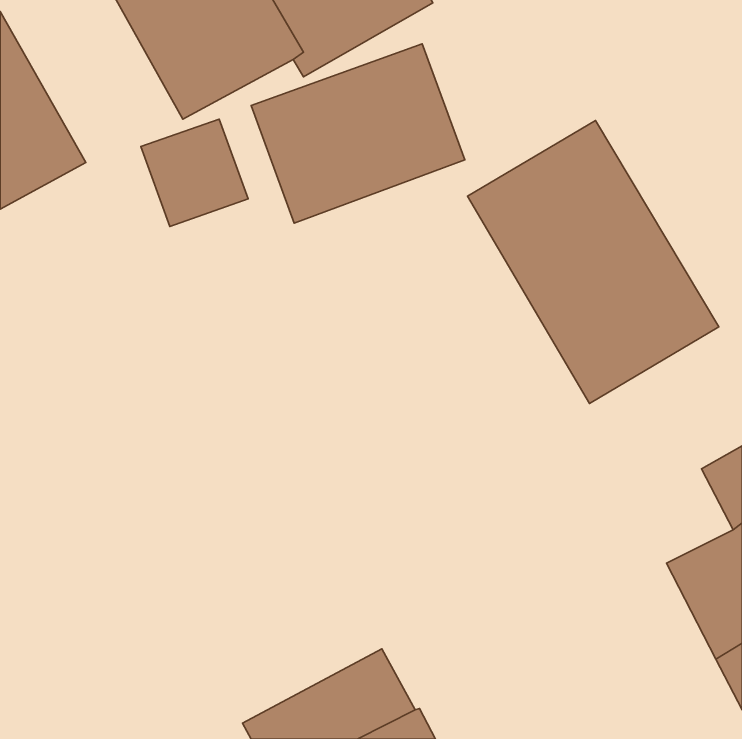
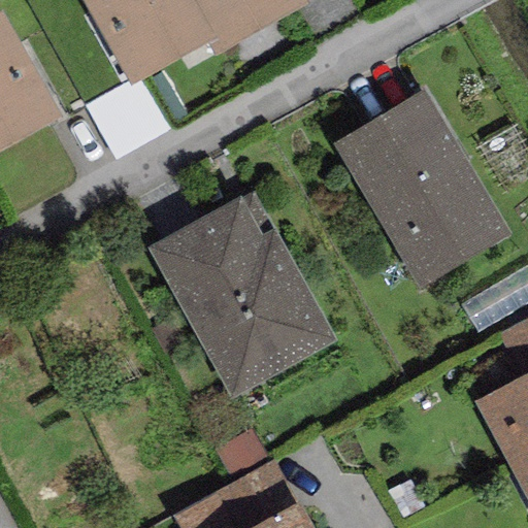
building: [251,44,465,223] -> none
building: none -> [146,190,337,401]

